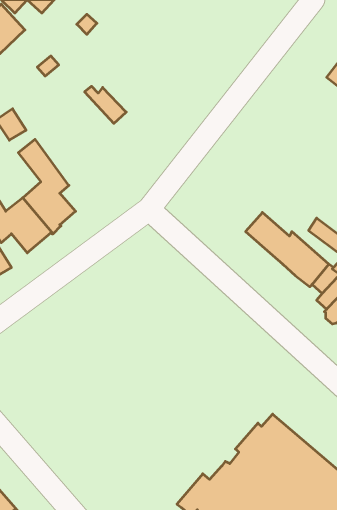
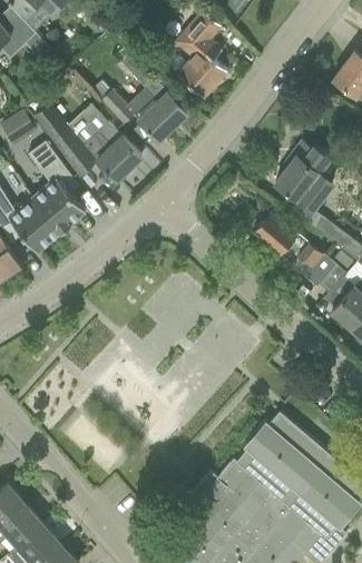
building: none -> [166,9,227,97]
building: none -> [120,52,187,140]
building: none -> [33,102,141,180]
building: none -> [275,141,332,210]

